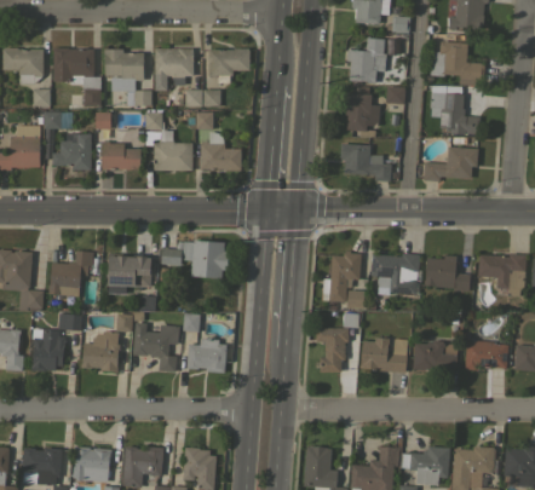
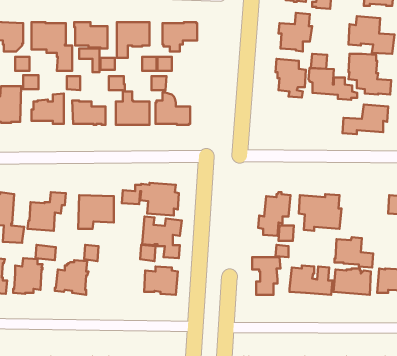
building: [340,144,398,181] -> [308,68,357,100]
building: [425,255,471,292] -> [334,237,373,268]
building: [133,322,180,371] -> [142,217,182,258]

